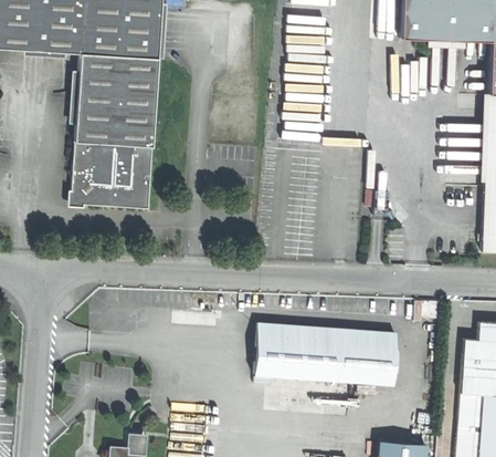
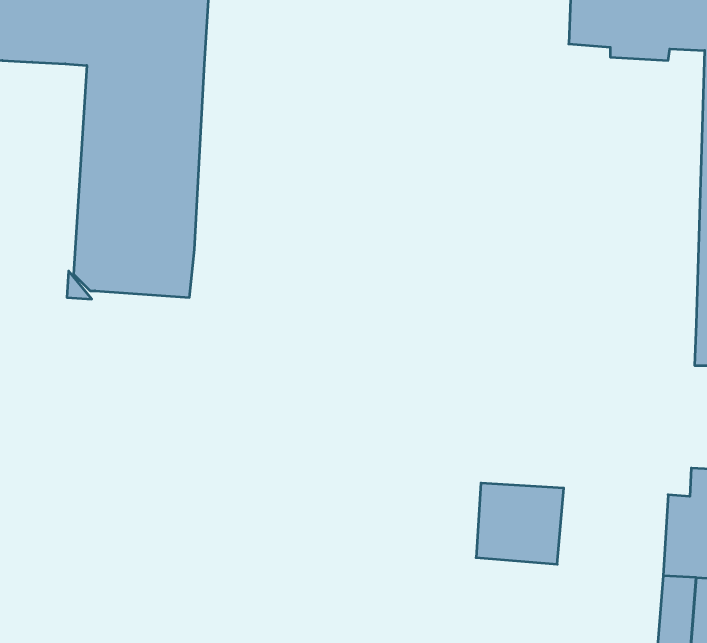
building: [253,322,341,380] -> none

